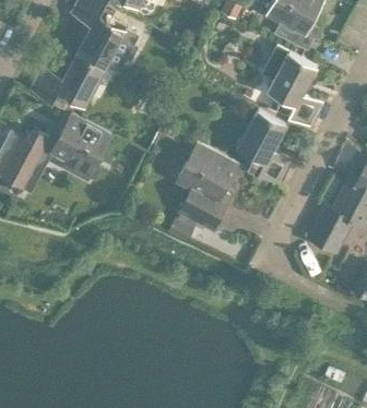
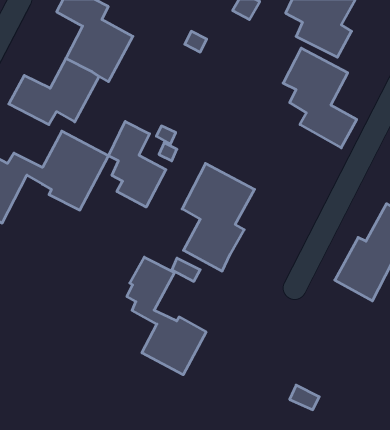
building: none -> [108,121,166,207]
building: [237,108,295,185] -> none
building: none -> [127,257,206,375]

